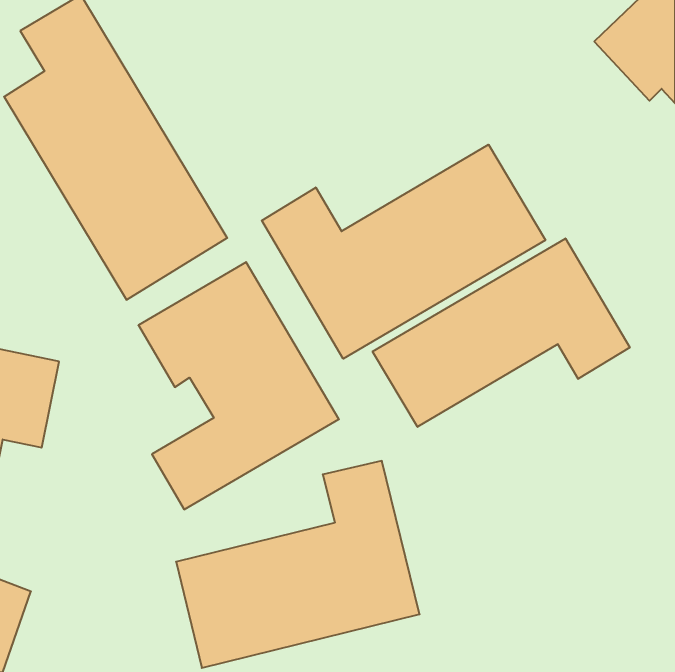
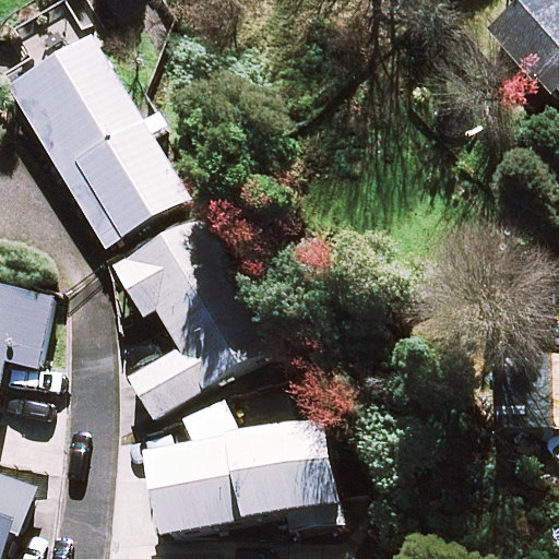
building: [262,145,545,359] -> none
building: [373,238,630,427] -> none

